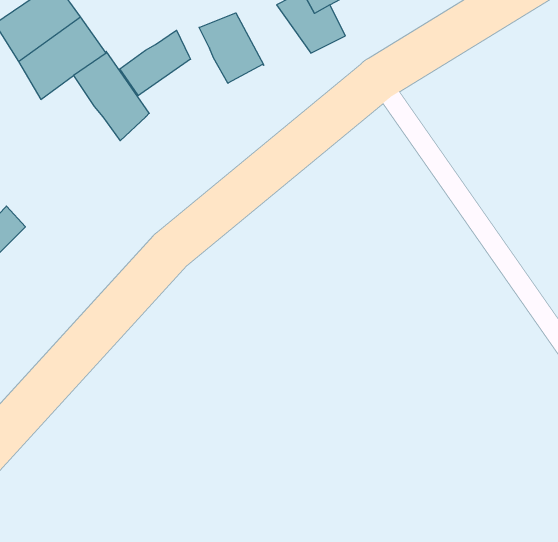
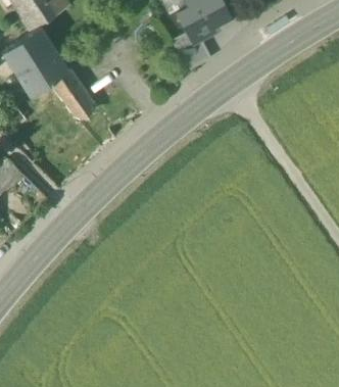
building: [199,13,264,83] -> none
building: [120,30,191,96] -> none

